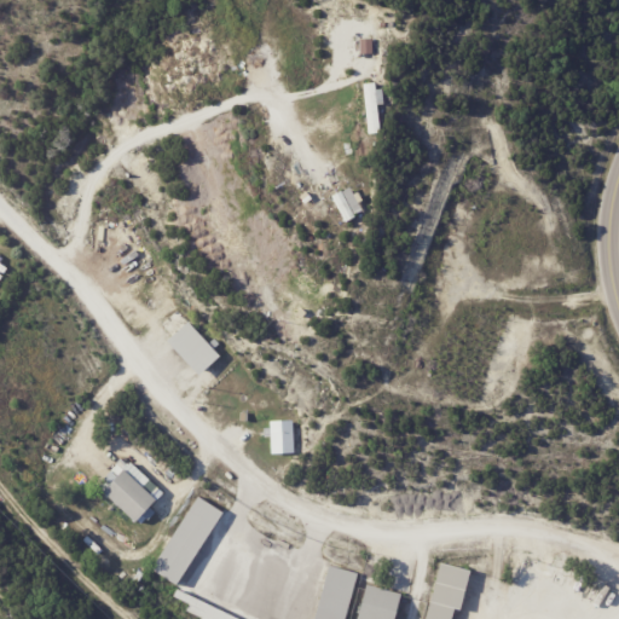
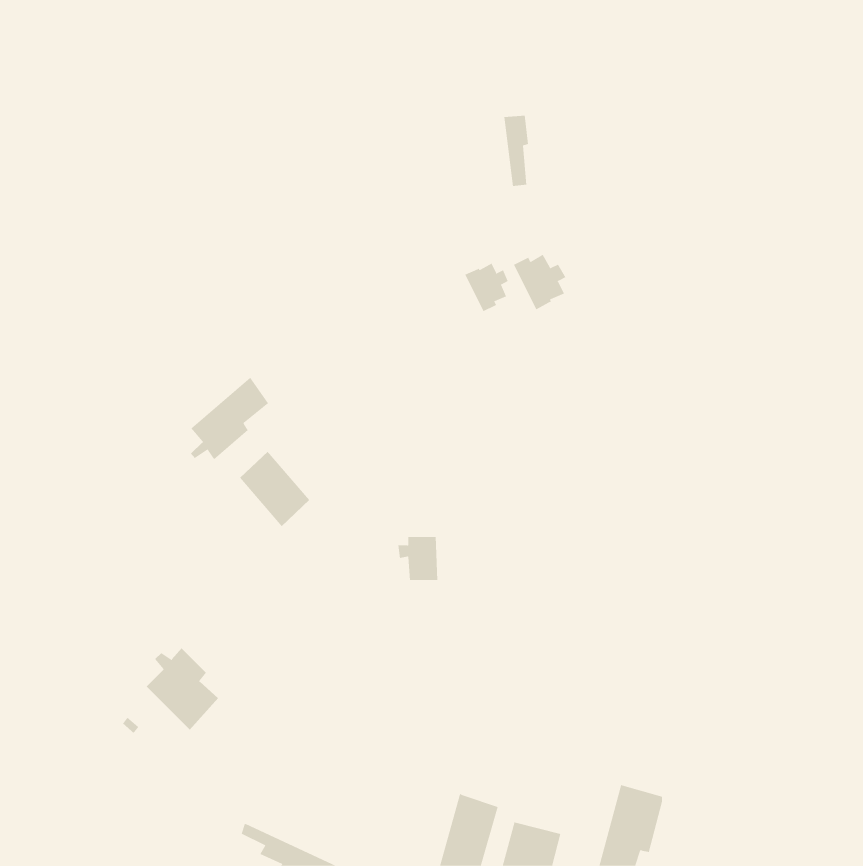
building: none -> [513,254,566,310]
building: none -> [190,377,269,460]
building: [264,422,293,453] -> [397,537,438,581]
building: [151,498,221,585] -> none

